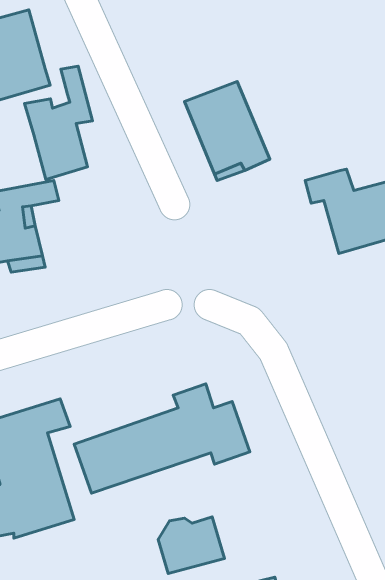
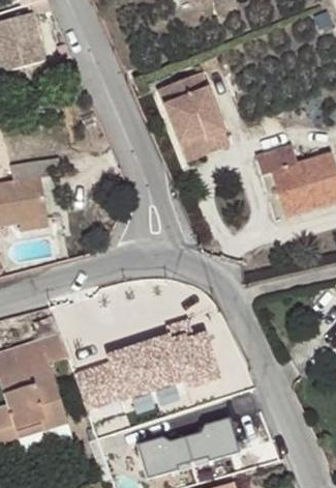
building: [24,66,92,179] -> none
building: none -> [182,419,234,466]

